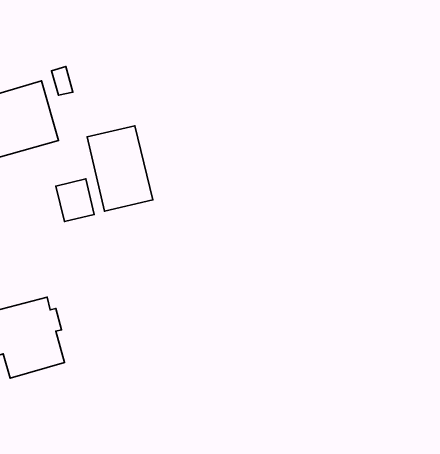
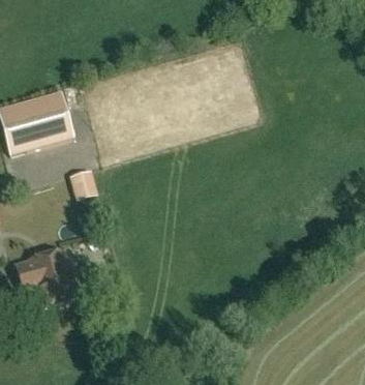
building: [87,126,153,211] -> none

